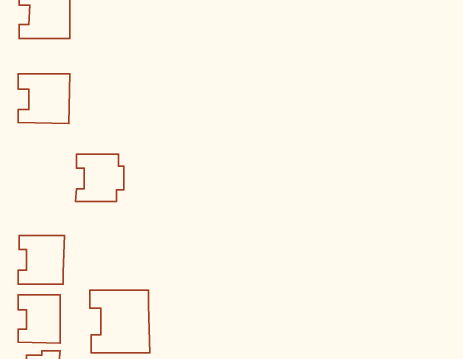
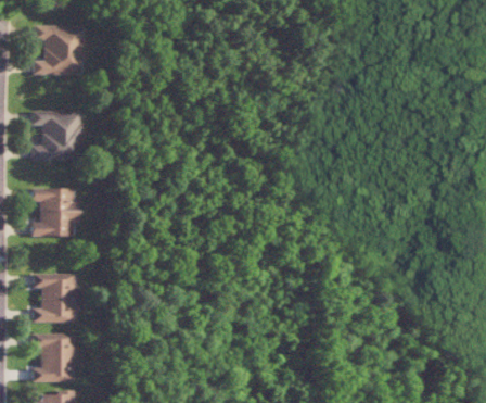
building: [75,154,124,202] -> [29,188,78,236]
building: [90,290,150,353] -> none

